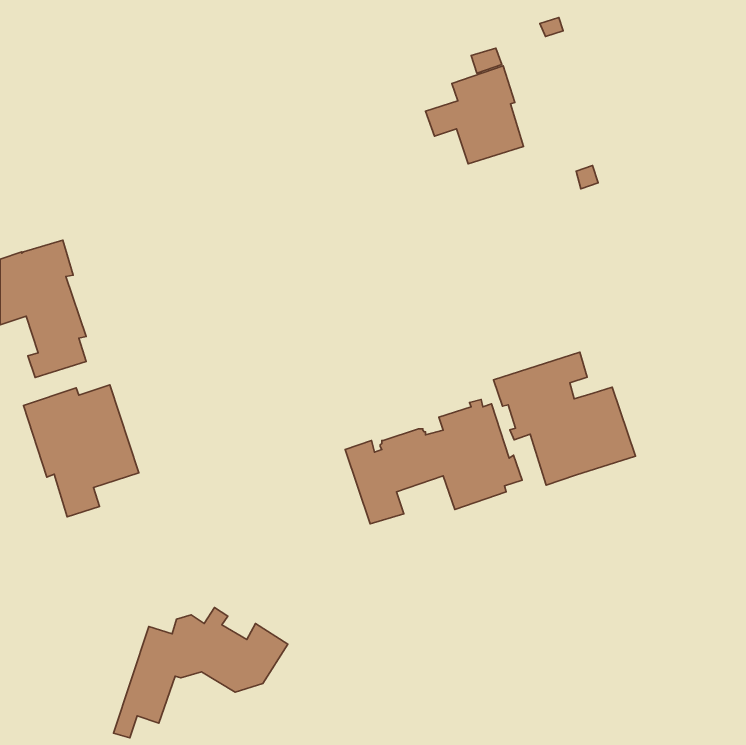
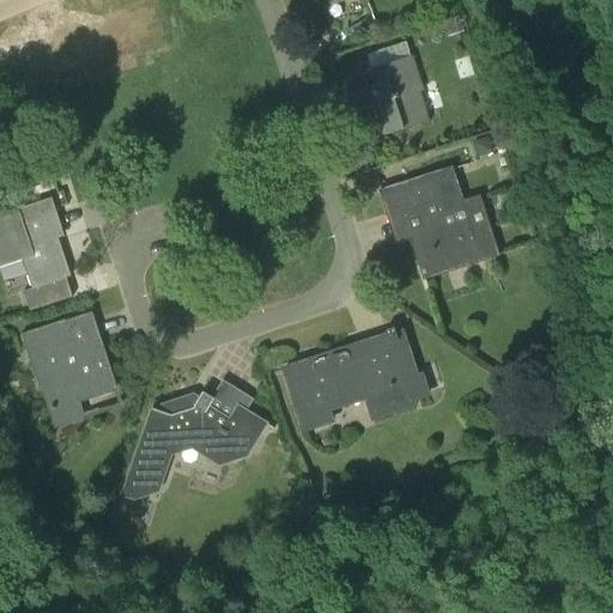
building: [494,352,636,485] -> [382,168,498,277]
building: [114,607,288,738] -> [121,390,263,497]

